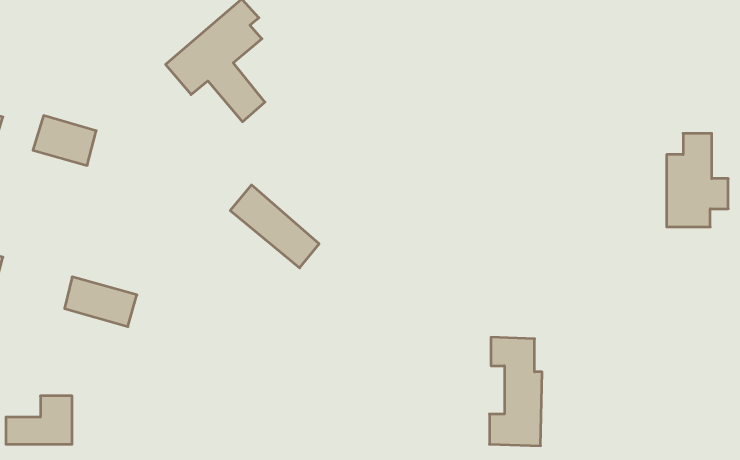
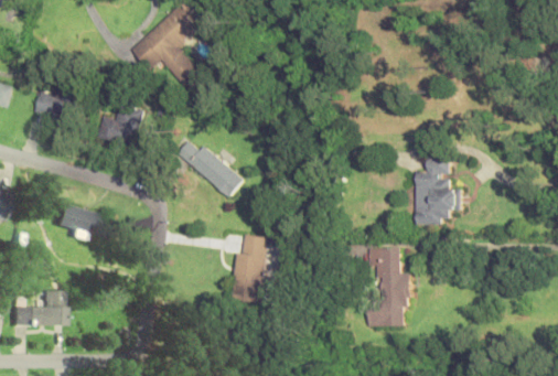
building: [667,133,728,227] -> [417,157,462,225]
building: none -> [98,104,143,146]
building: none -> [234,235,268,299]

